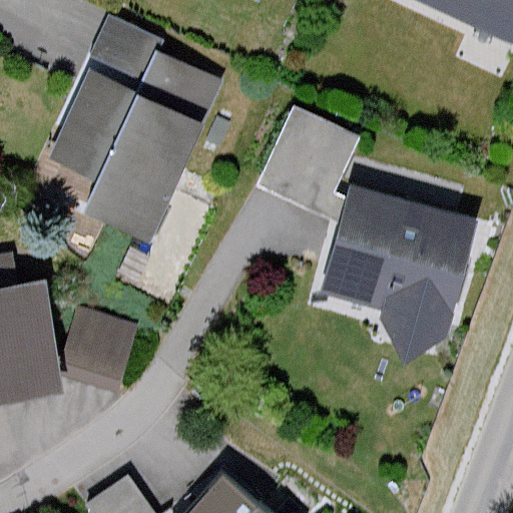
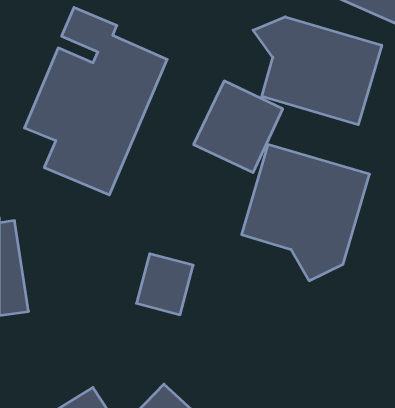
building: none -> [253,17,382,125]
building: [66,312,135,386] -> [136,254,193,315]

